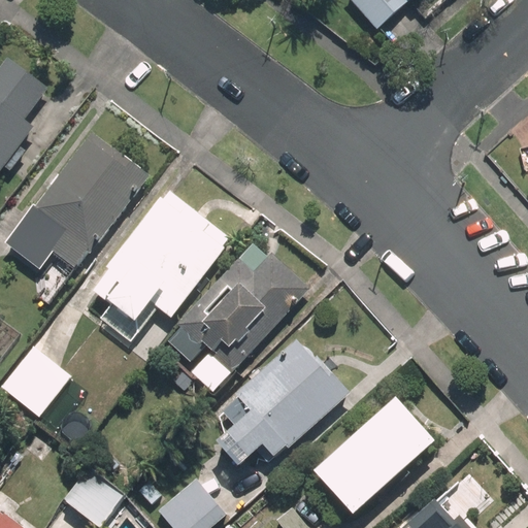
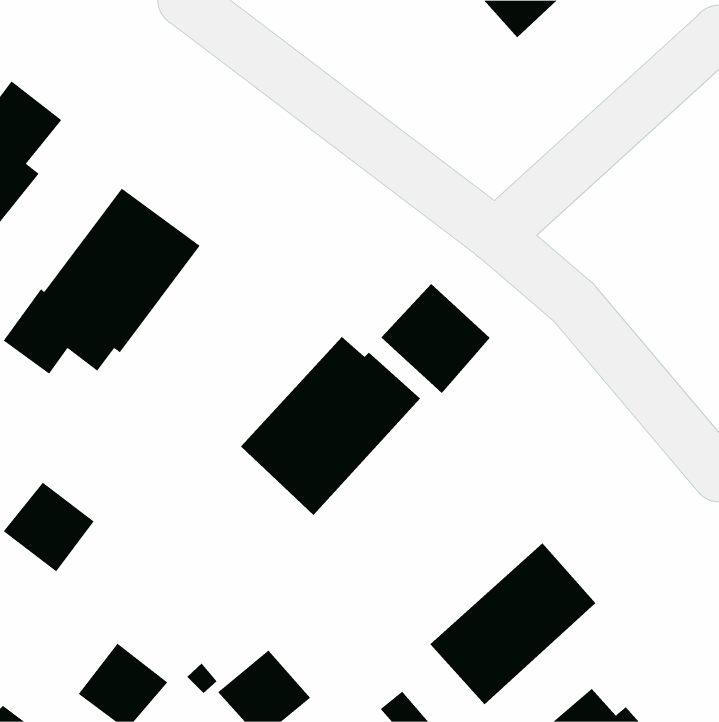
building: [89,196,226,332] -> none
building: none -> [381,283,491,394]
building: [213,337,349,465] -> none

